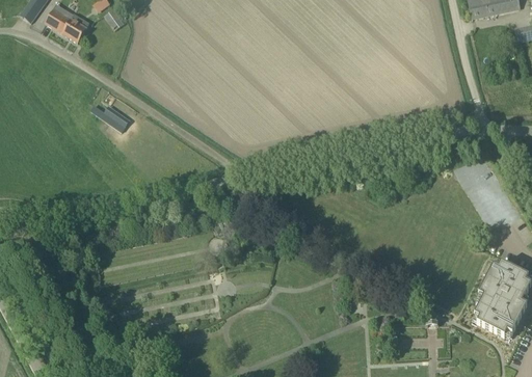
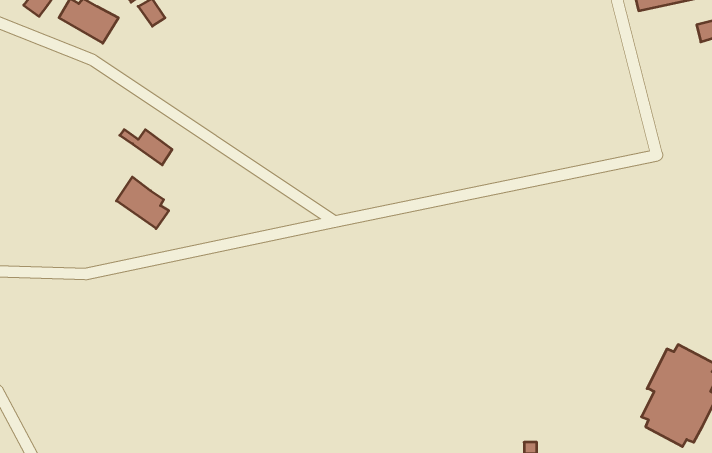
building: none -> [116,177,169,229]

